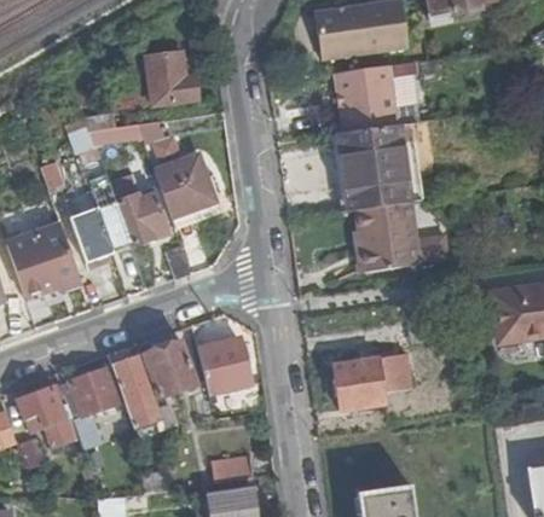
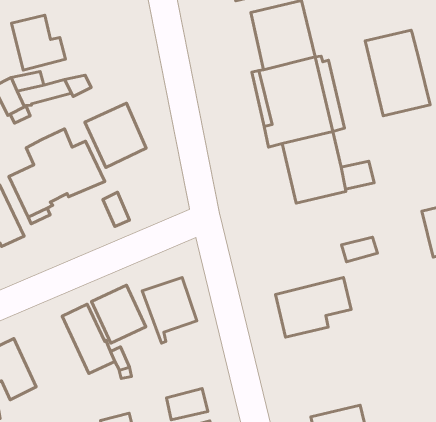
building: [146,51,198,105] -> [11,15,65,70]
building: none -> [365,30,430,116]
building: [60,366,121,447] -> none

